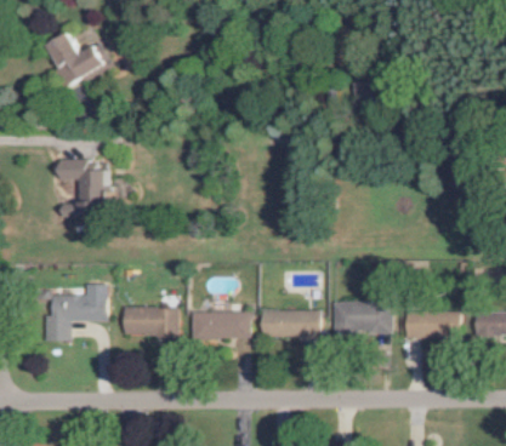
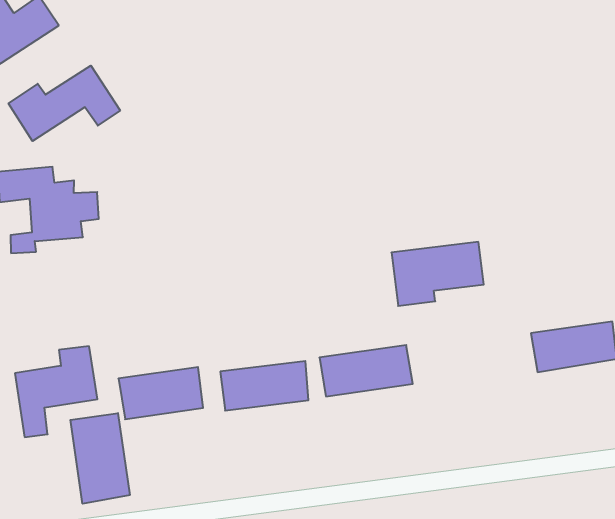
building: none -> [9,66,120,141]
building: [331,302,391,338] -> [391,242,484,306]
building: none -> [70,413,130,504]

